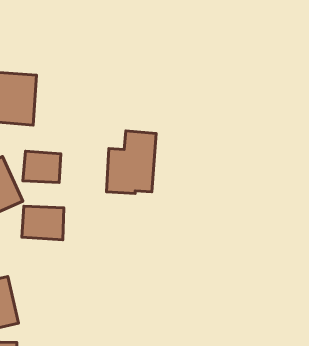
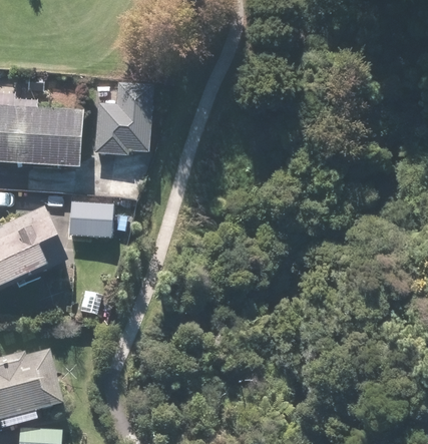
building: [106,131,156,193] -> [94,82,153,156]
building: [22,206,64,240] -> none

